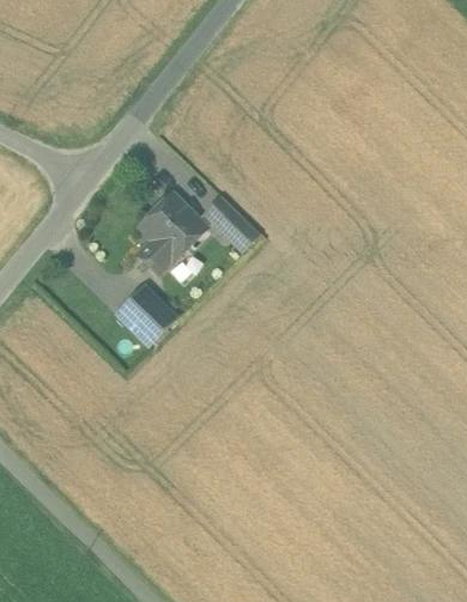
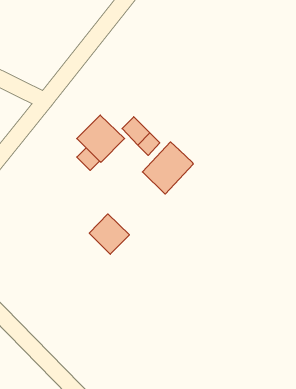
building: none -> [142,142,193,194]
building: [119,286,176,343] -> [89,214,129,254]

